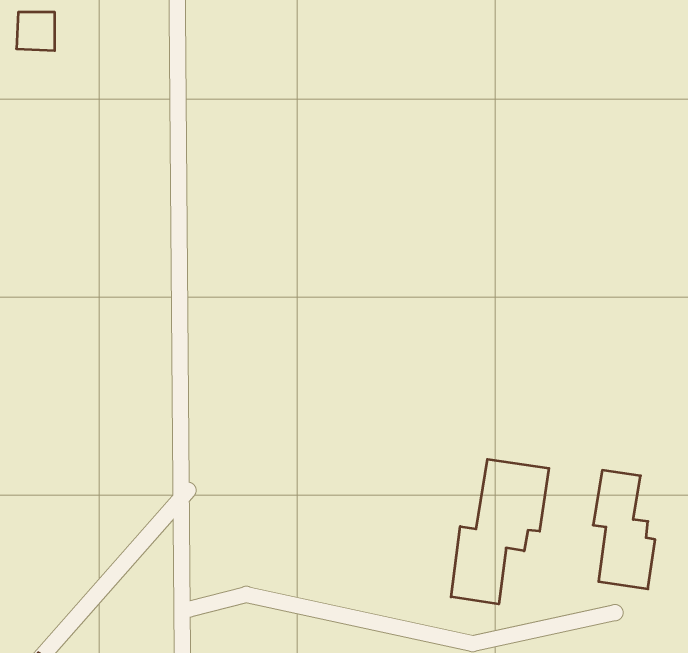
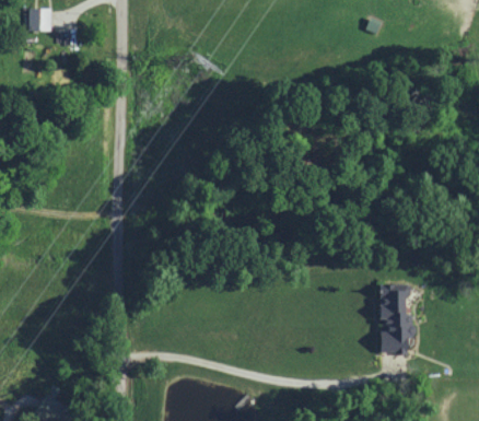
building: [451,459,549,604] -> none

